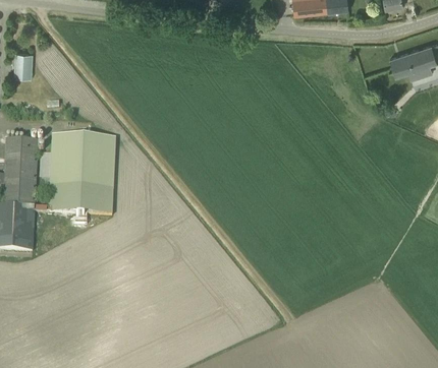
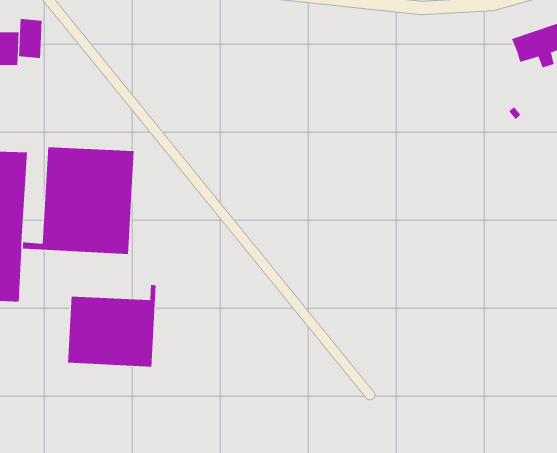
building: none -> [18,18,42,59]
building: none -> [67,284,156,368]

